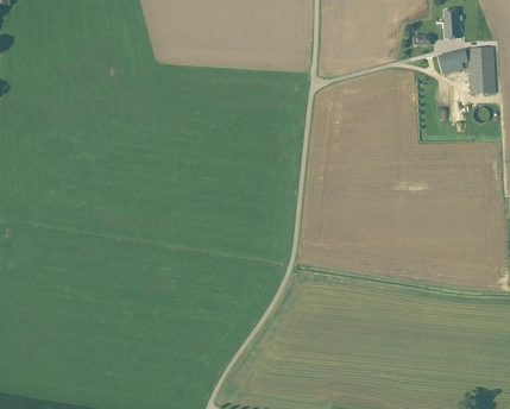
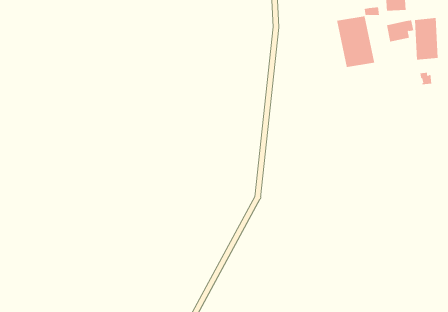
building: none -> [337,15,375,68]

